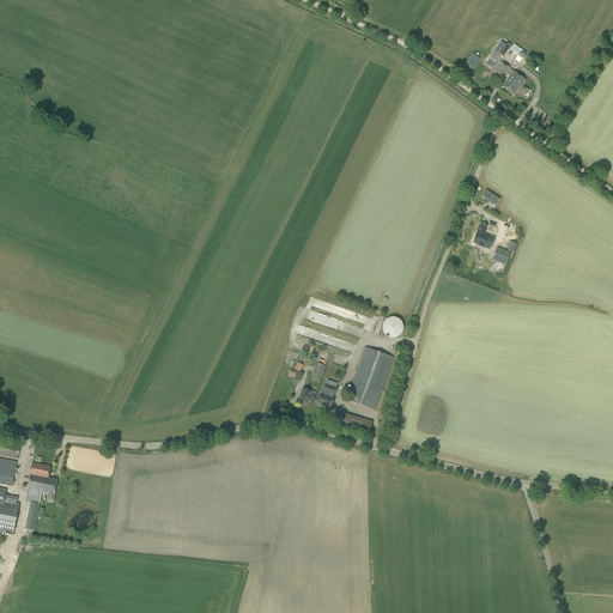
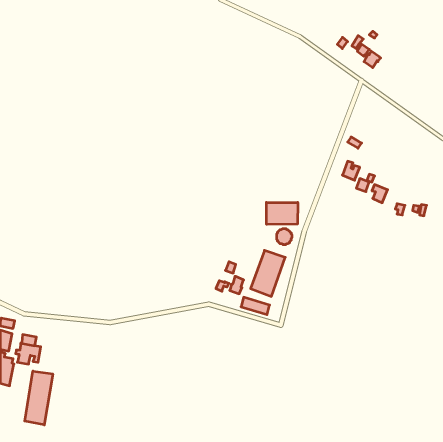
building: none -> [266,202,298,224]
building: none -> [25,371,53,425]

